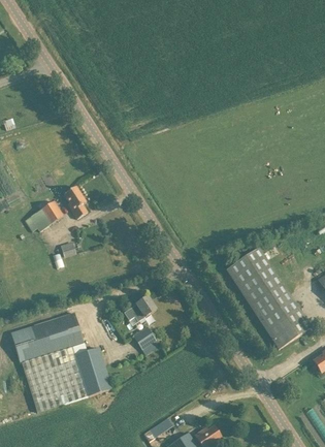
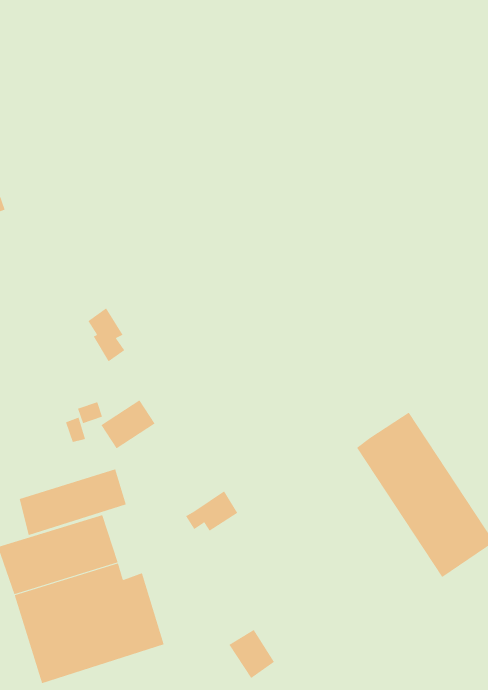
building: [29,201,62,231] -> [101,399,155,449]
building: none -> [19,468,126,536]
building: [131,326,159,356] -> [229,629,275,679]

